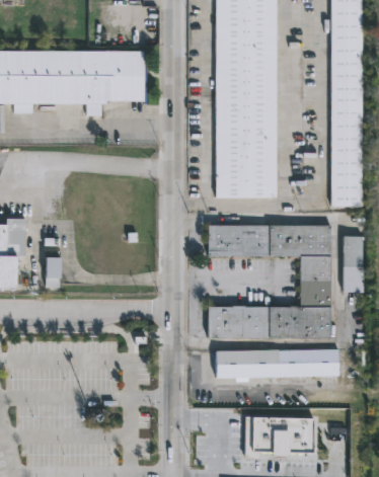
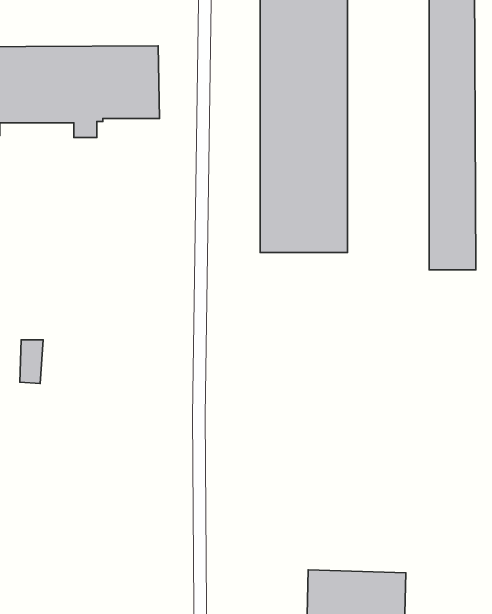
building: [207,224,330,337] -> none
building: [343,234,363,292] -> none
building: [214,348,338,375] -> none

